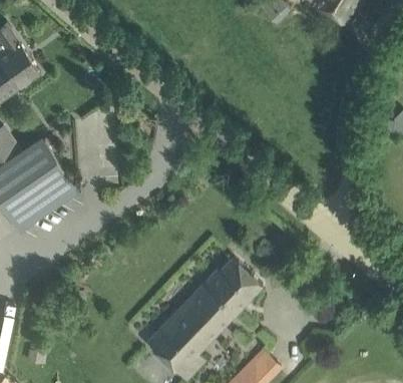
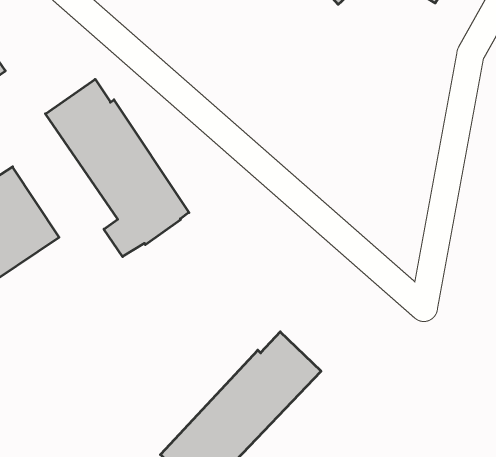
building: none -> [45,79,189,257]

